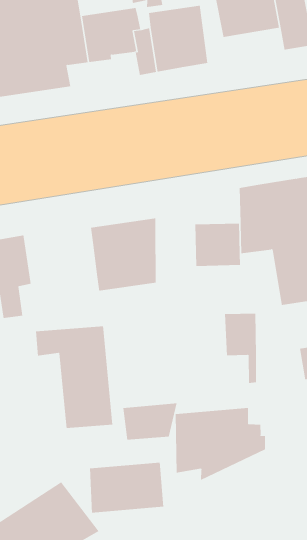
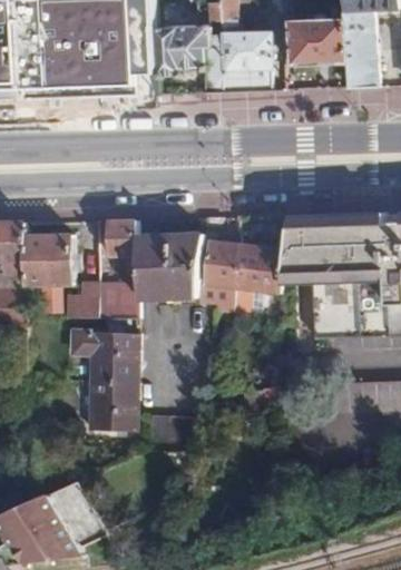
building: none -> [109,218,137,254]
building: none -> [66,281,138,317]
building: [224,313,257,384] -> [205,240,239,312]
building: [175,407,266,481] -> none
building: [89,462,164,514] -> none

